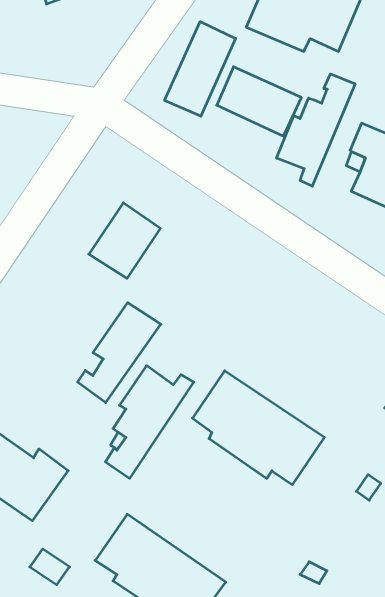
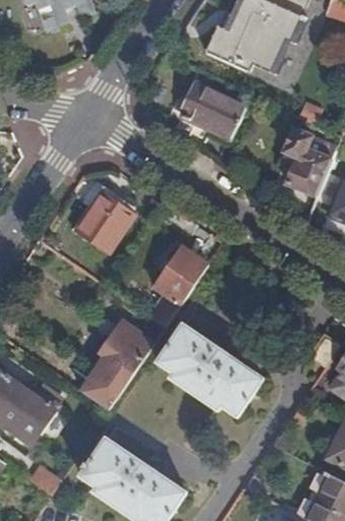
building: [165,22,236,116] -> none
building: [277,74,355,186] -> none
building: [78,303,161,403] -> [142,246,209,326]

